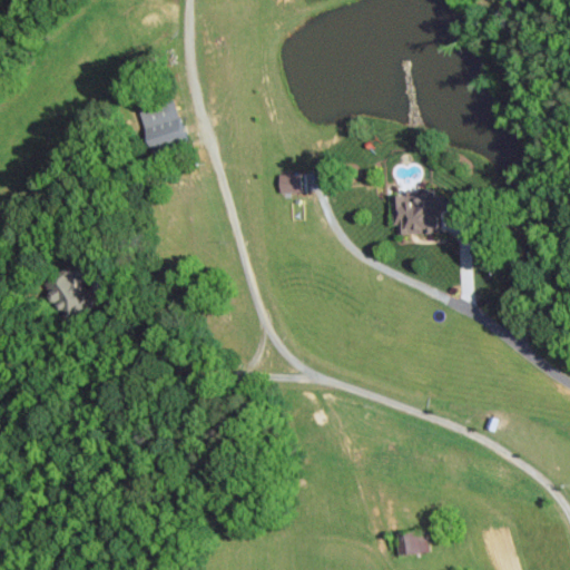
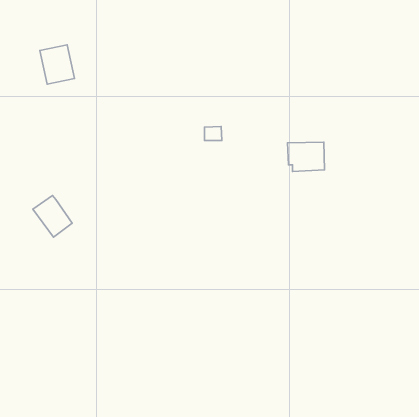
building: [138,99,185,153] -> [40,45,74,84]
building: [394,530,426,557] -> none

